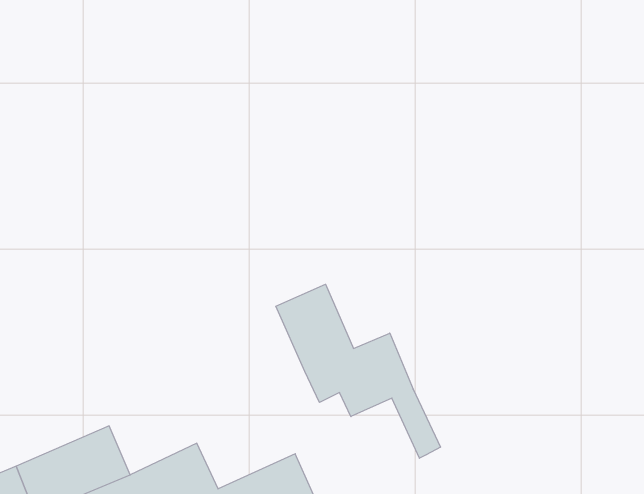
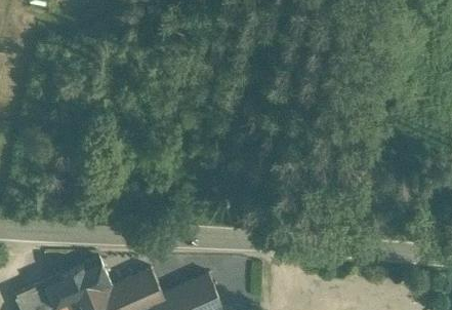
building: [276,284,440,458] -> none

